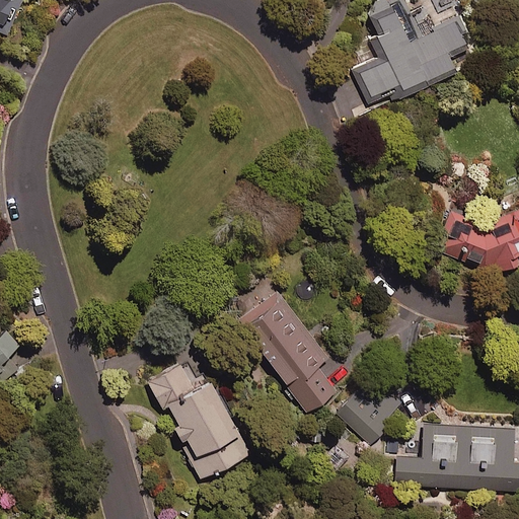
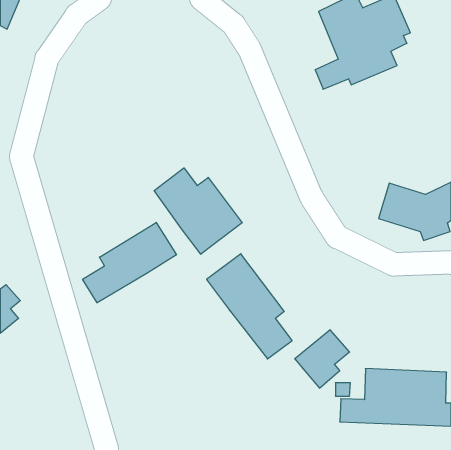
building: none -> [154,168,242,254]
building: none -> [83,222,176,303]
building: [145,358,249,481] -> none

